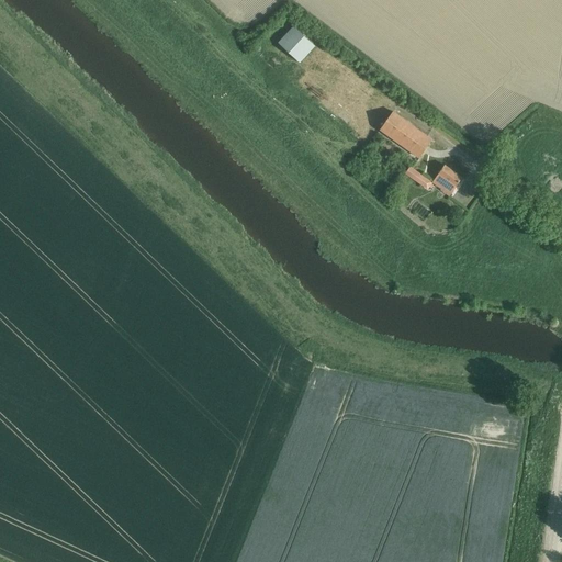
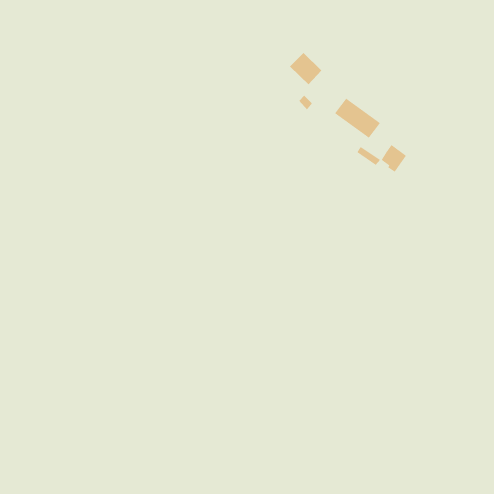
building: [280,26,317,64] -> [289,52,322,85]

